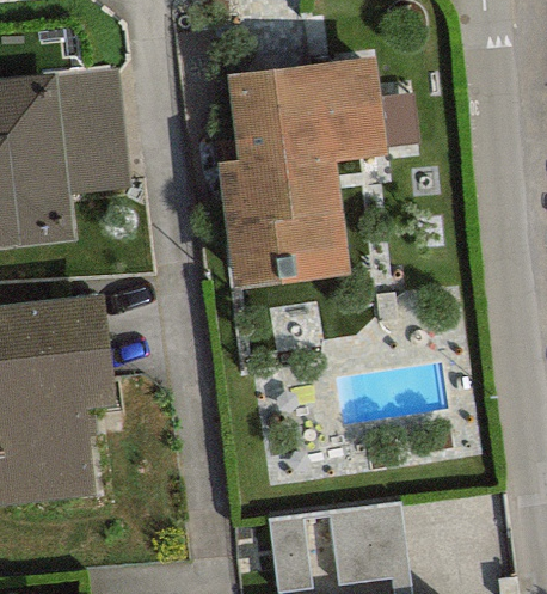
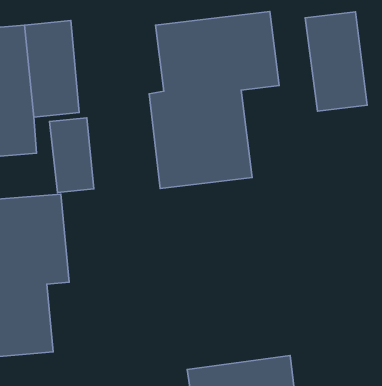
building: none -> [305,12,367,111]
building: none -> [50,118,94,192]

